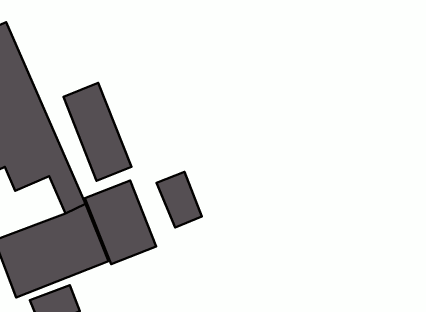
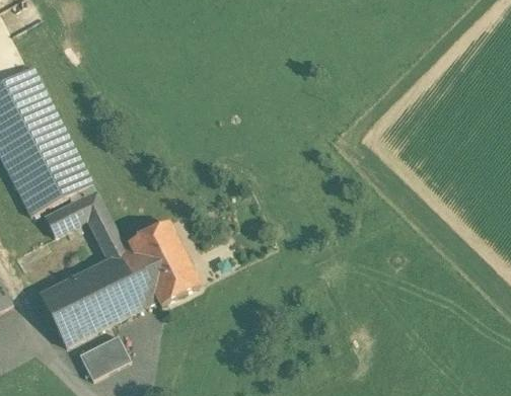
building: [63,83,131,181] -> none
building: [156,172,202,227] -> none

